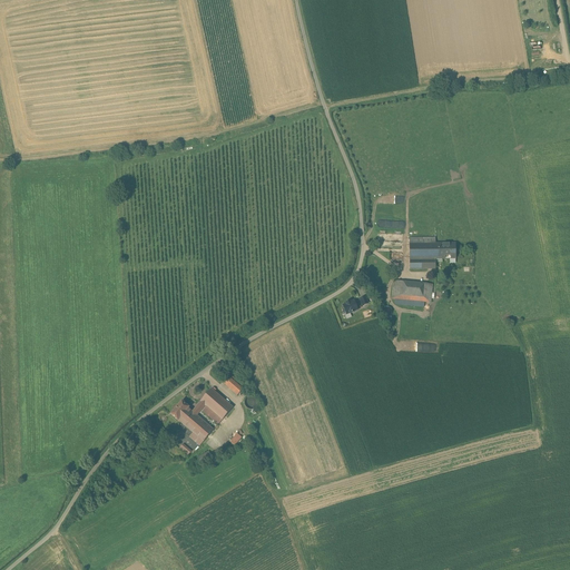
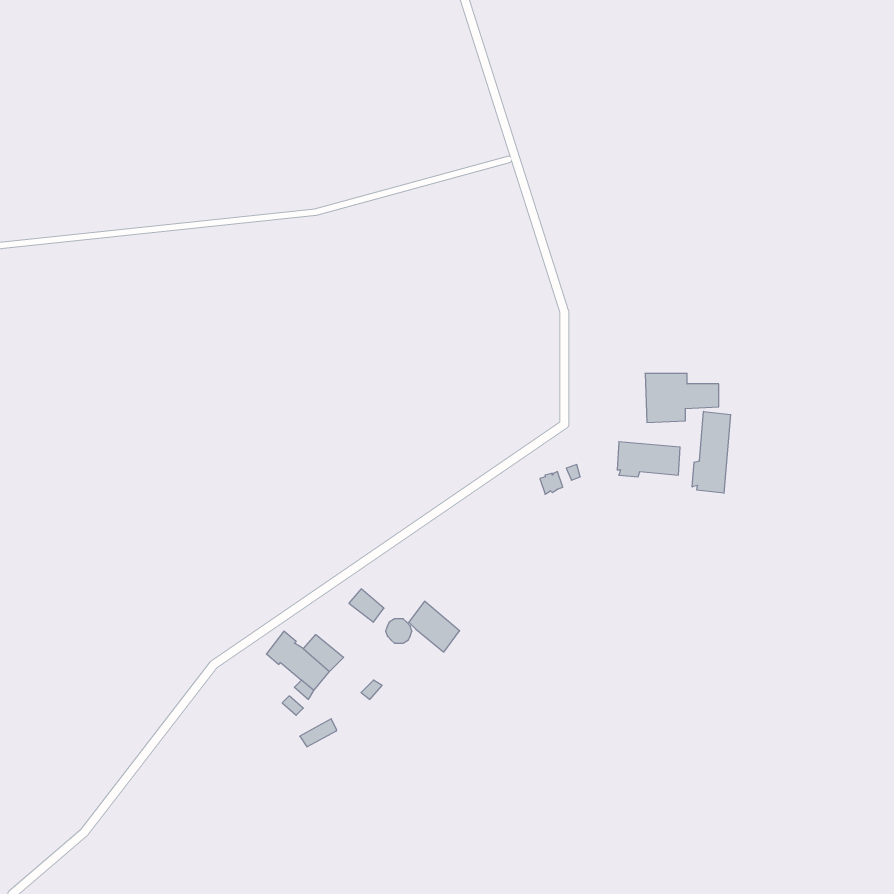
building: none -> [692,411,731,493]
building: [197,385,229,417] -> [409,601,460,652]

